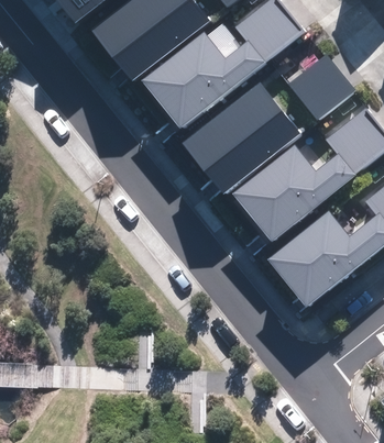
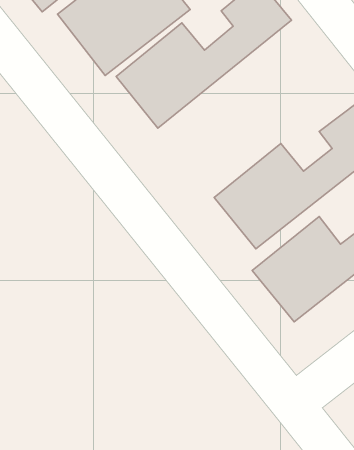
building: [288,55,354,120] -> none
building: [183,81,299,193] -> none

